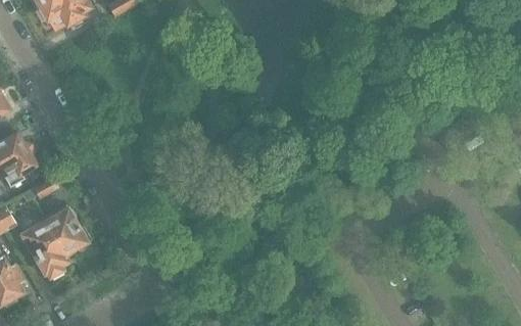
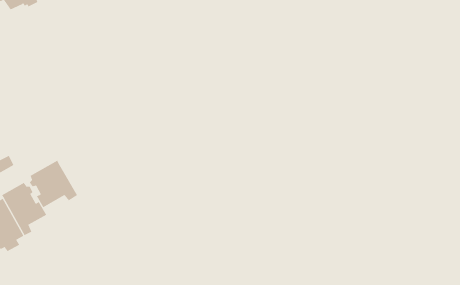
building: none -> [29,160,78,208]

